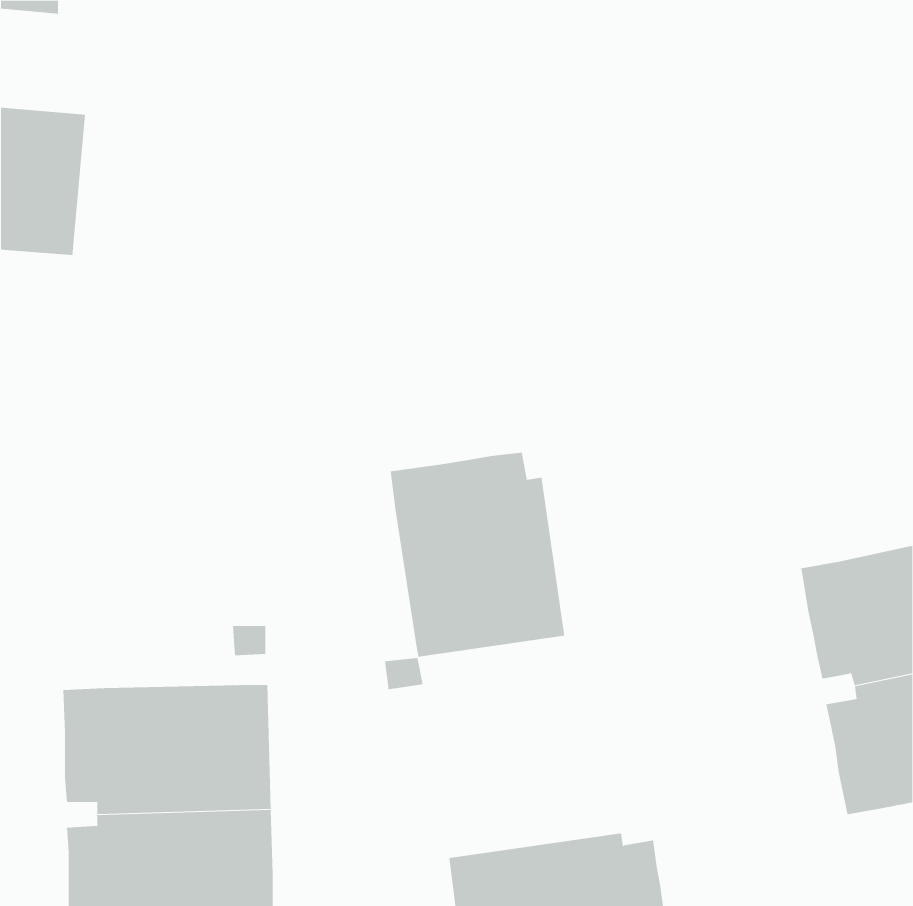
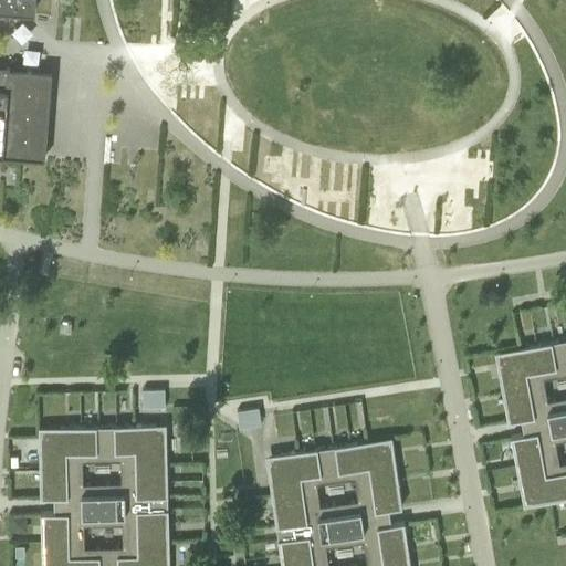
building: [390,452,565,658] -> none
building: none -> [266,440,402,535]

